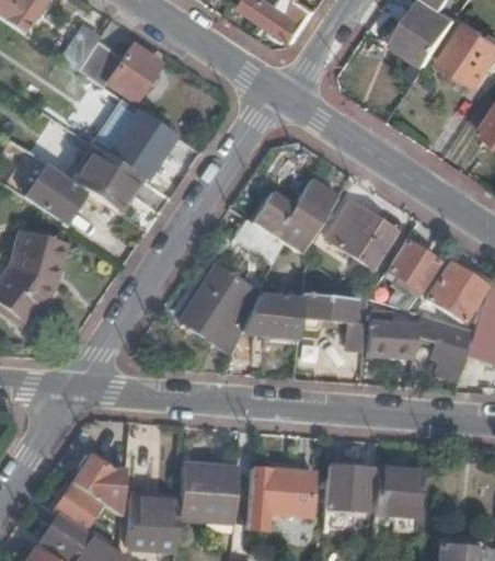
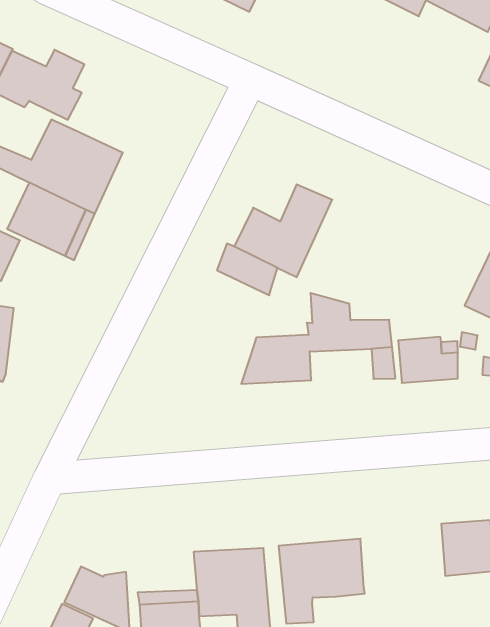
building: [325,205,392,267] -> none
building: [388,242,437,290] -> none
building: [180,270,257,358] -> none
building: [327,463,373,511] -> none

